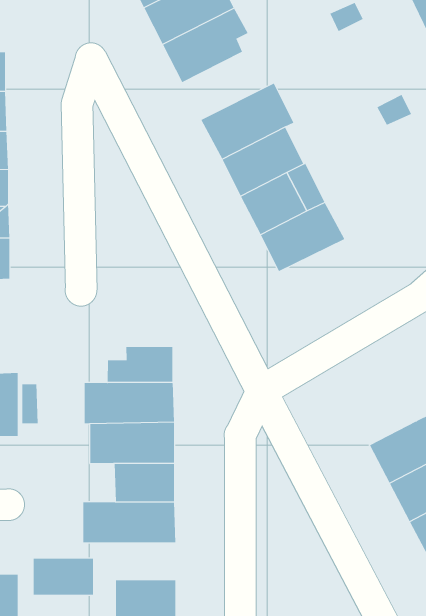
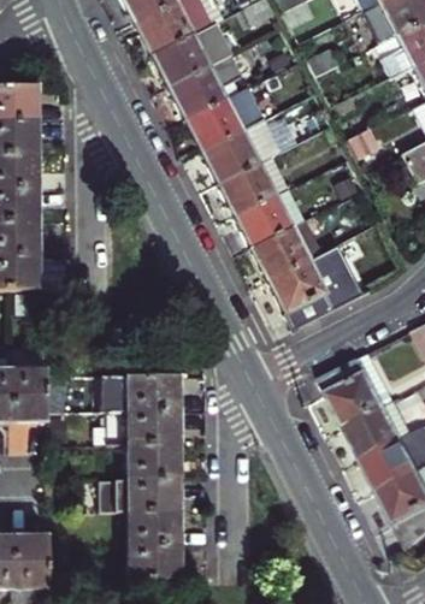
building: none -> [185,87,264,149]
building: none -> [267,250,350,330]
building: [107,346,173,383] -> none
building: none -> [320,359,384,425]
building: [33,558,94,595] -> [129,508,181,539]

